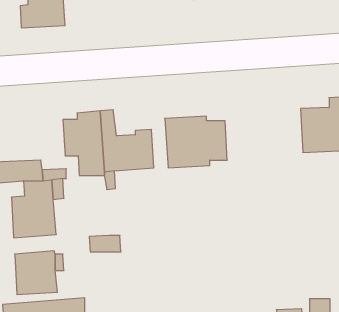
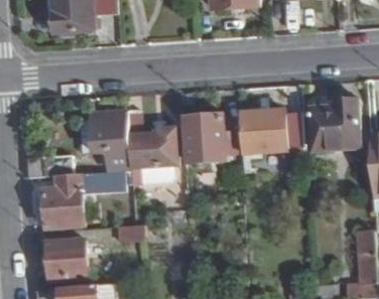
building: none -> [240,111,302,156]

